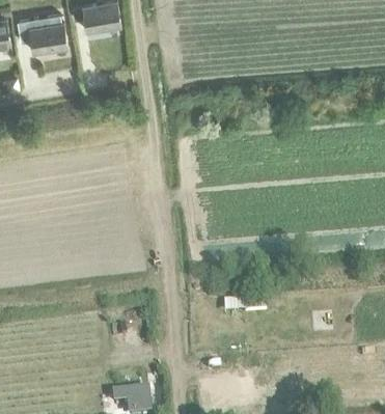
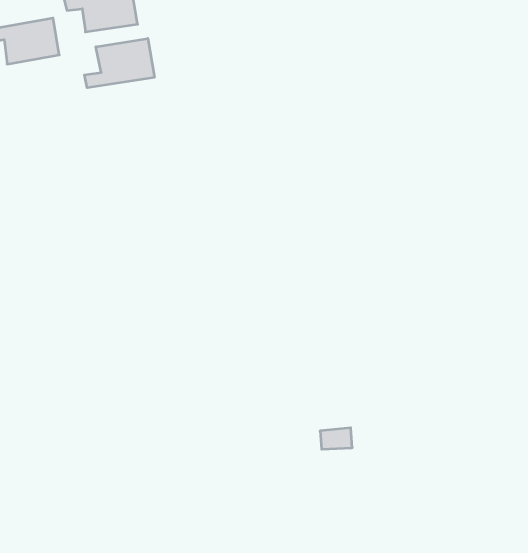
building: none -> [84,38,154,88]

